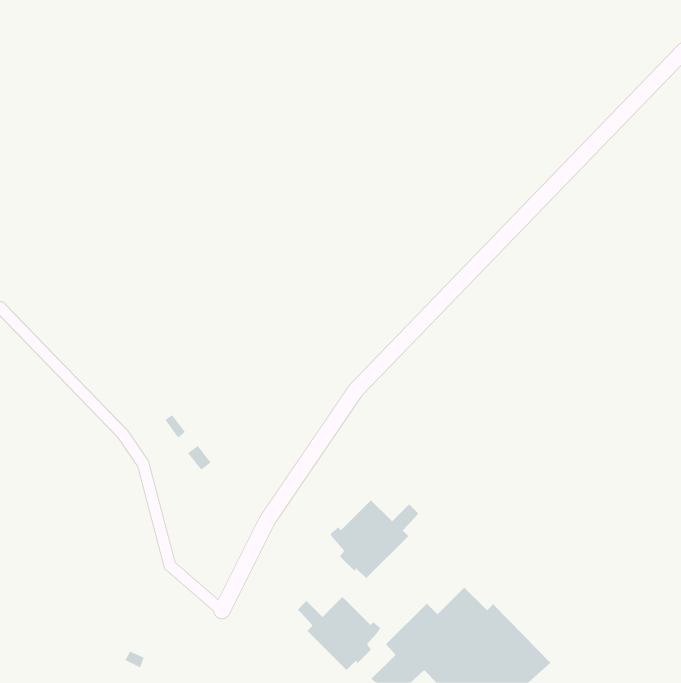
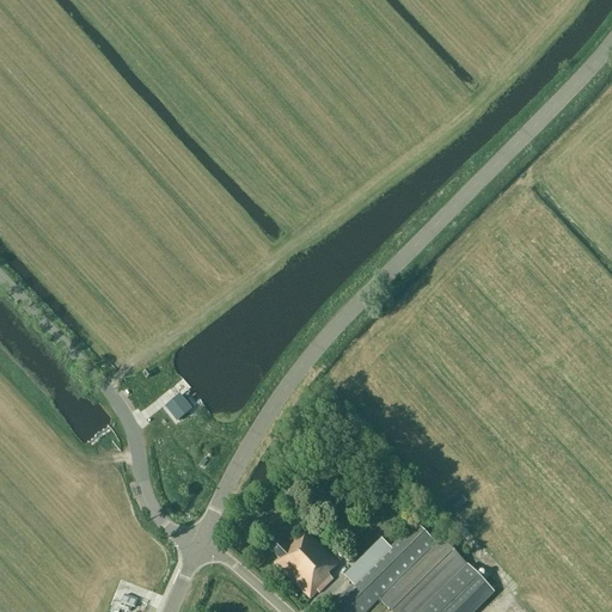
building: [329,499,419,579] -> none

